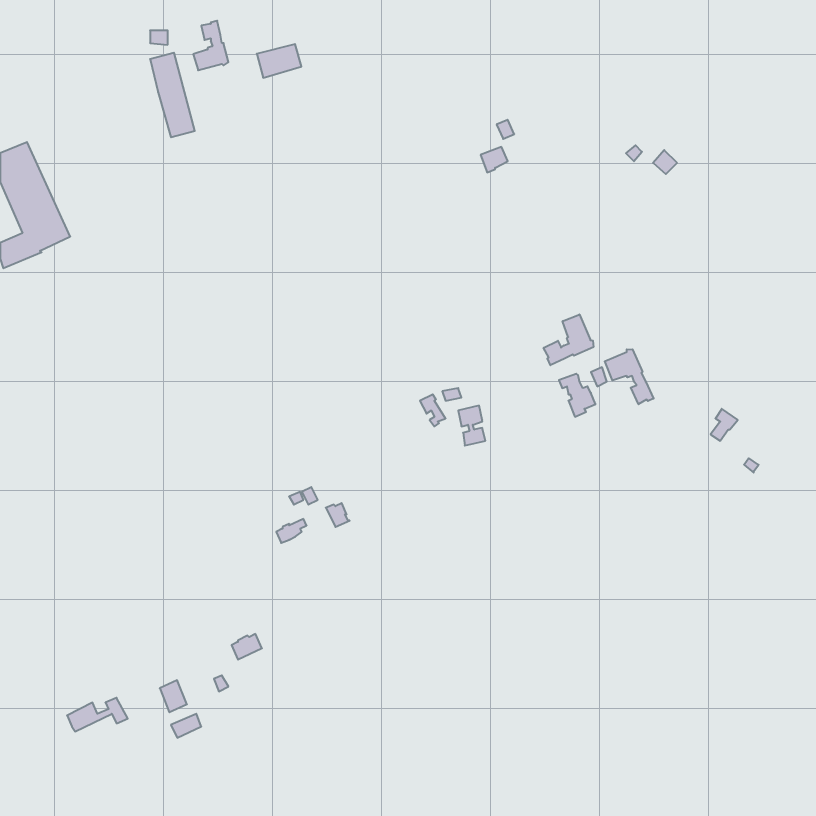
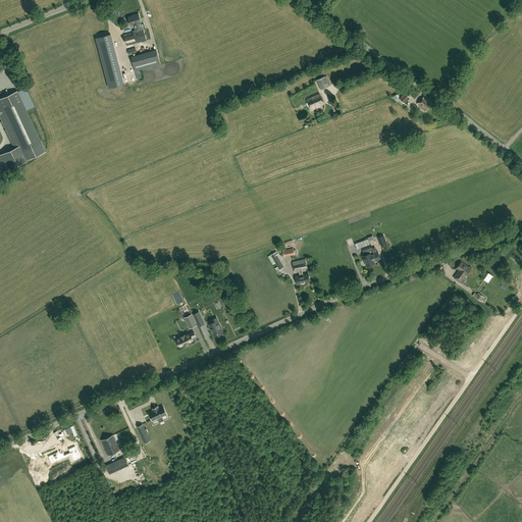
building: [257,44,301,78] -> [132,50,160,71]
building: [544,314,593,365] -> none
building: [605,349,654,404] -> none

